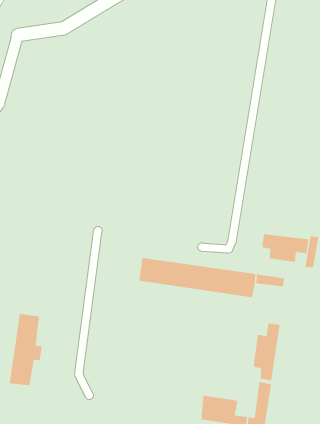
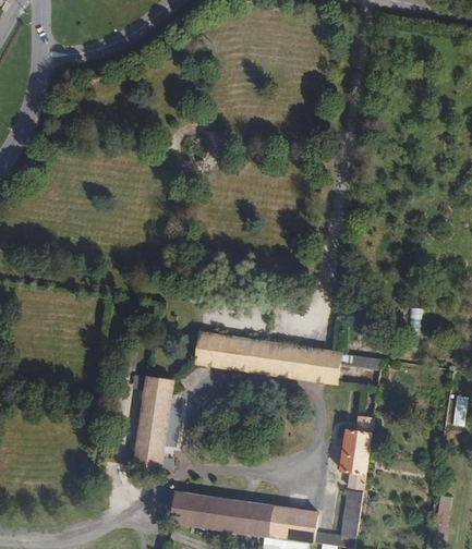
building: [262,233,309,263] -> none
building: [9,314,42,386] -> [133,377,176,468]
building: none -> [172,492,276,537]

